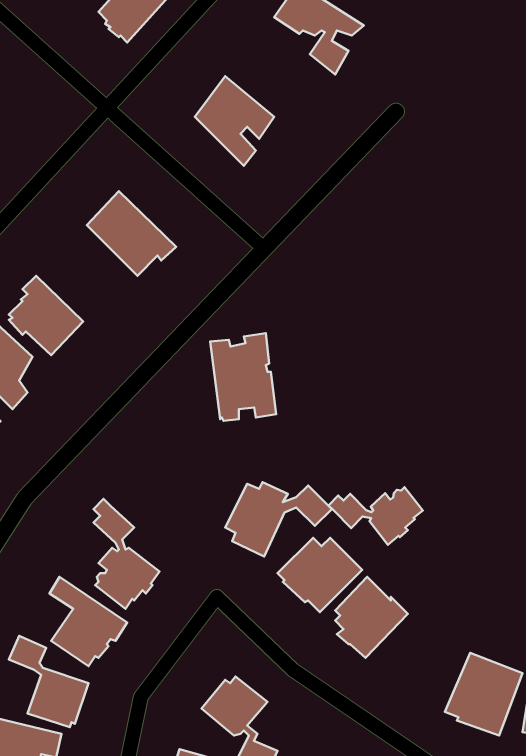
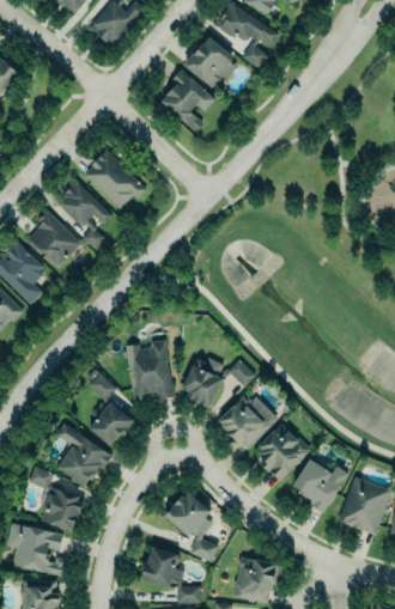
building: none -> [184,30,241,91]
building: none -> [56,181,111,249]
building: [210,333,276,421] -> [126,340,172,402]
building: [329,487,423,545] -> none
building: none -> [291,459,348,513]

